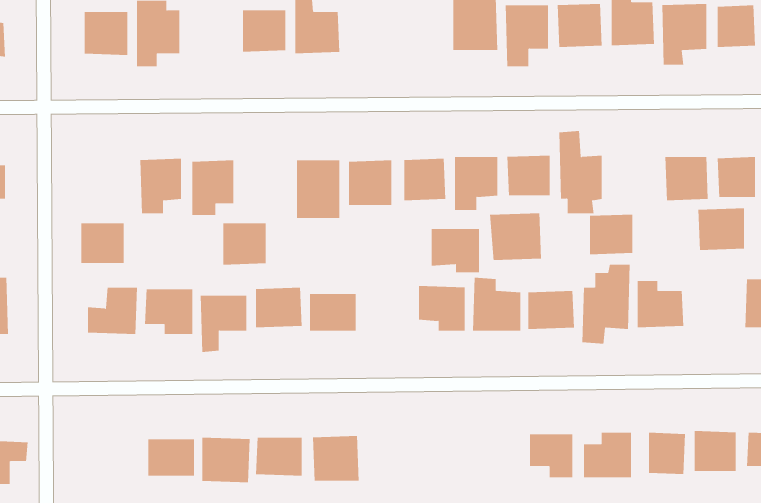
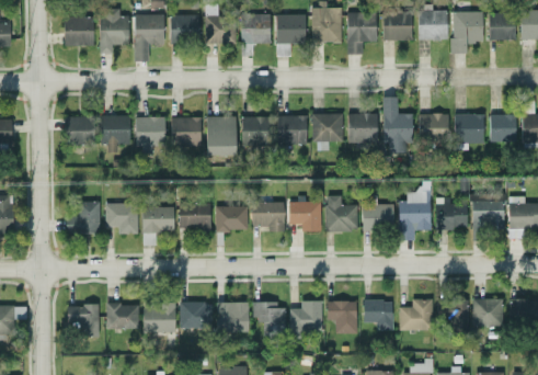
building: none -> [241,13,270,55]
building: none -> [134,14,163,61]
building: none -> [275,14,305,56]
building: [697,208,745,250] -> [471,201,503,229]
building: [489,212,541,261] -> none
building: [589,214,633,255] -> [419,113,448,140]
building: [80,223,124,264] -> [65,116,94,144]
building: [222,223,267,265] -> [171,117,201,146]
building: [431,229,480,273] -> [251,202,284,231]
building: none -> [289,300,321,332]
building: none -> [327,300,356,333]
building: none -> [252,303,284,336]
building: none -> [66,305,98,329]

